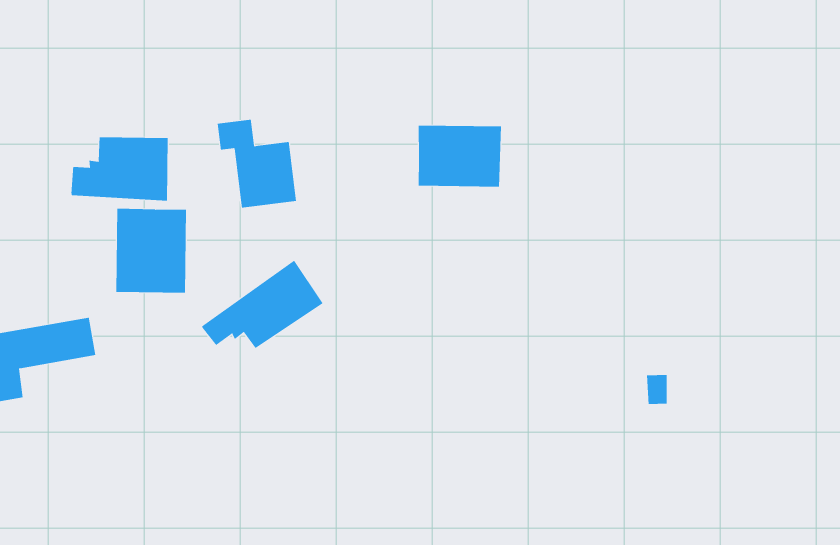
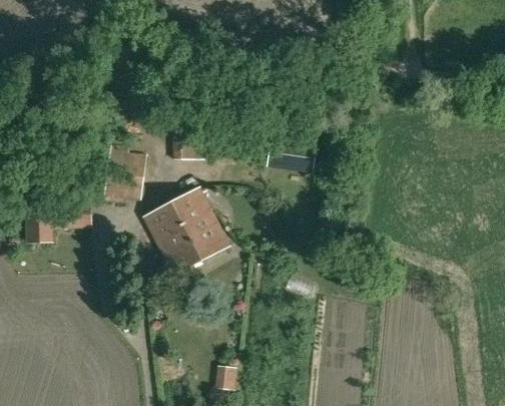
building: [71,136,168,201] -> none
building: none -> [151,214,227,275]

